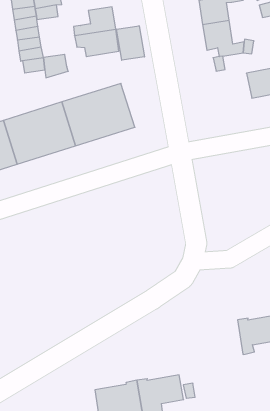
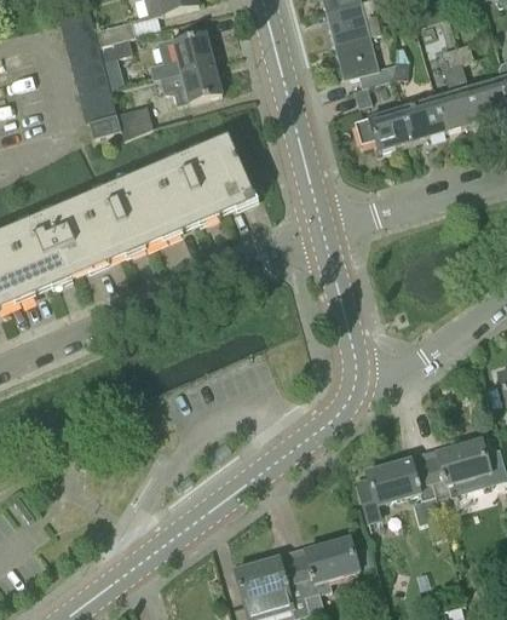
building: [117,26,144,60] -> none
building: none -> [355,105,413,150]
building: none -> [357,450,446,540]

